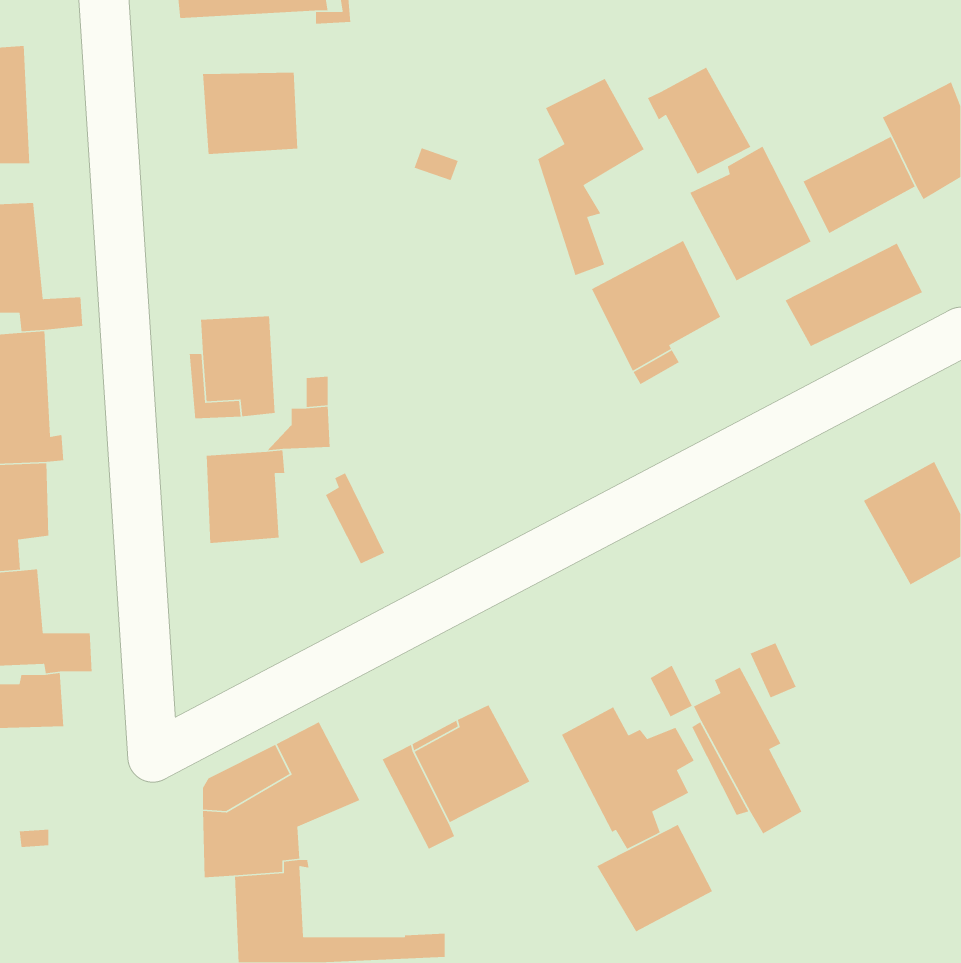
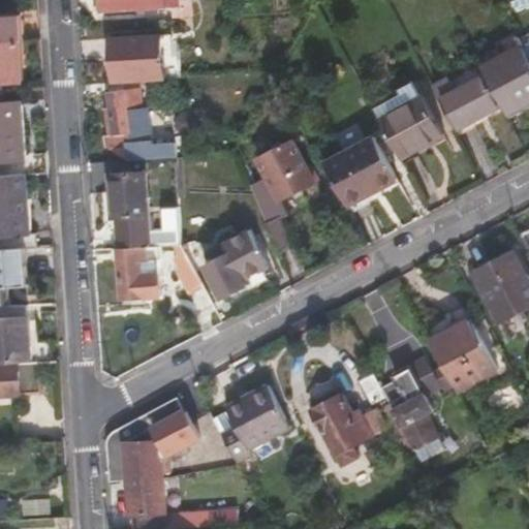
building: [647,66,751,175] -> none
building: [537,78,645,276] -> [256,138,315,247]
building: none -> [102,97,176,161]
building: [784,243,923,347] -> none
building: none -> [205,227,269,299]
building: none -> [427,318,495,391]
building: [596,824,713,933] -> none

